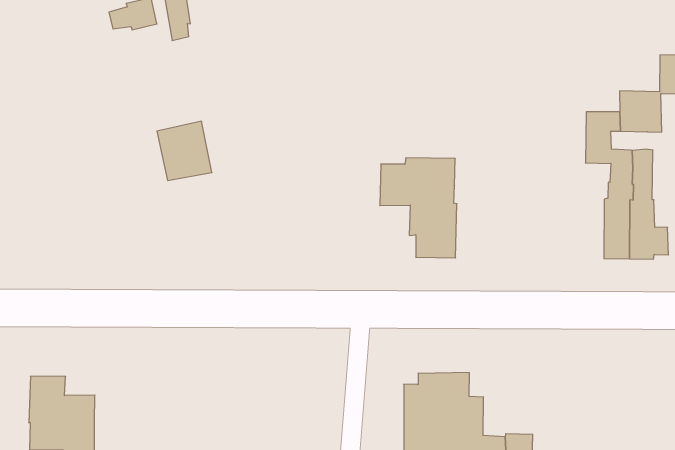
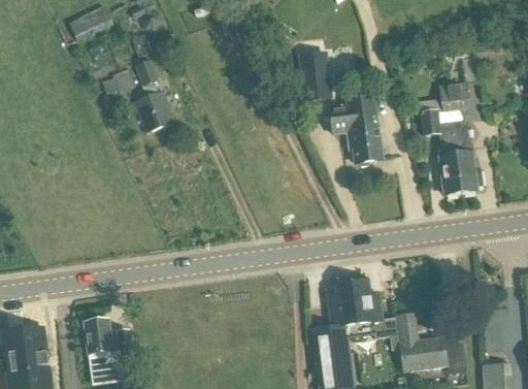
building: none -> [300,53,330,99]
building: [157,121,212,181] -> [134,92,173,133]
building: [380,158,457,258] -> [325,96,382,163]

